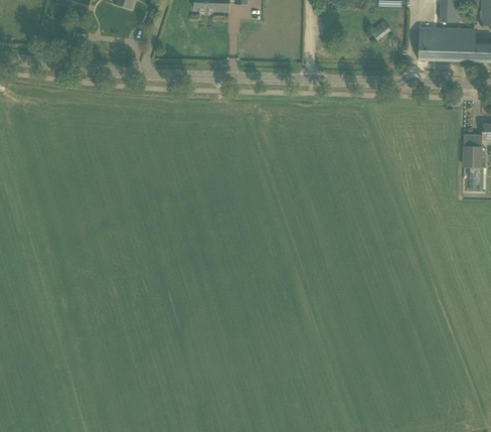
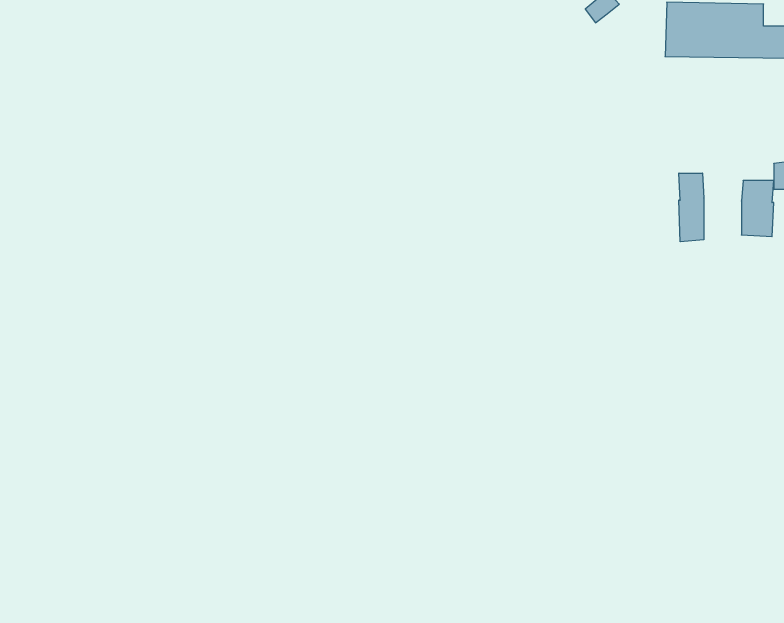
building: none -> [679,173,704,242]

